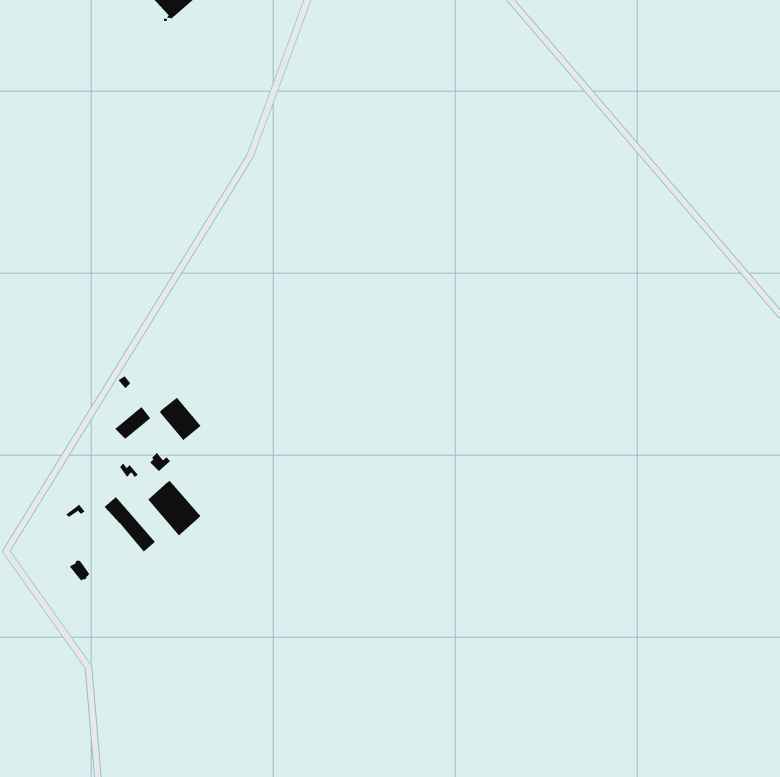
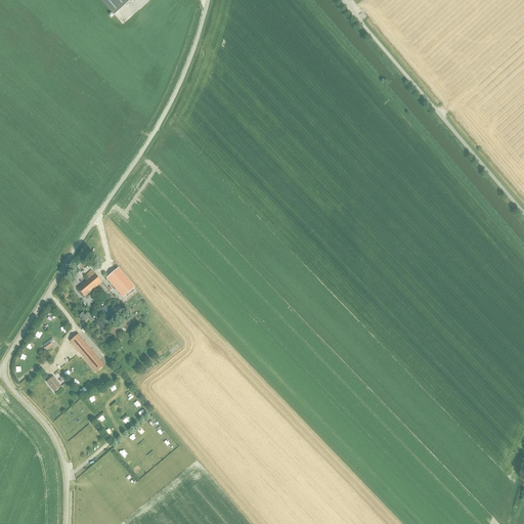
building: [147,480,201,536] -> none

